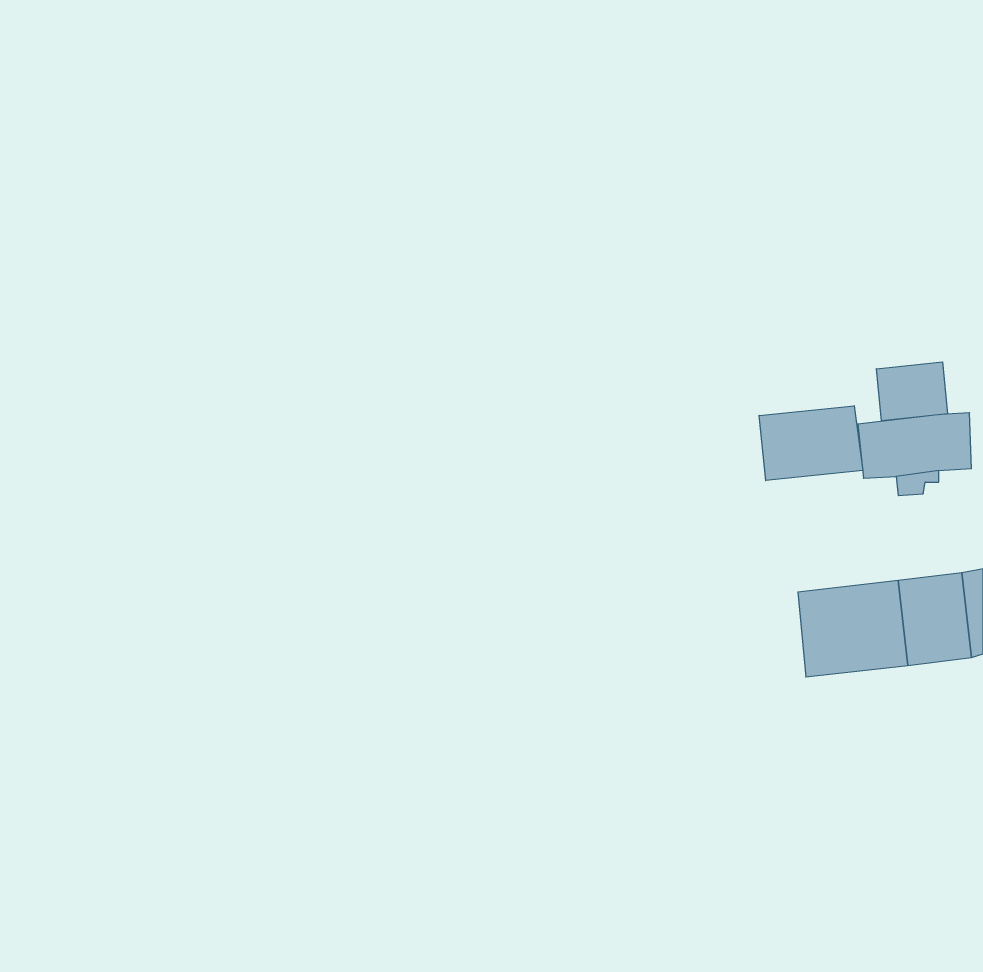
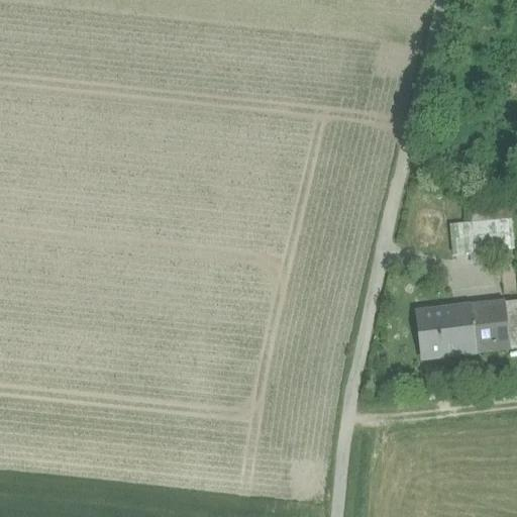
building: [876,362,948,421] -> none
building: [759,406,863,481] -> none

